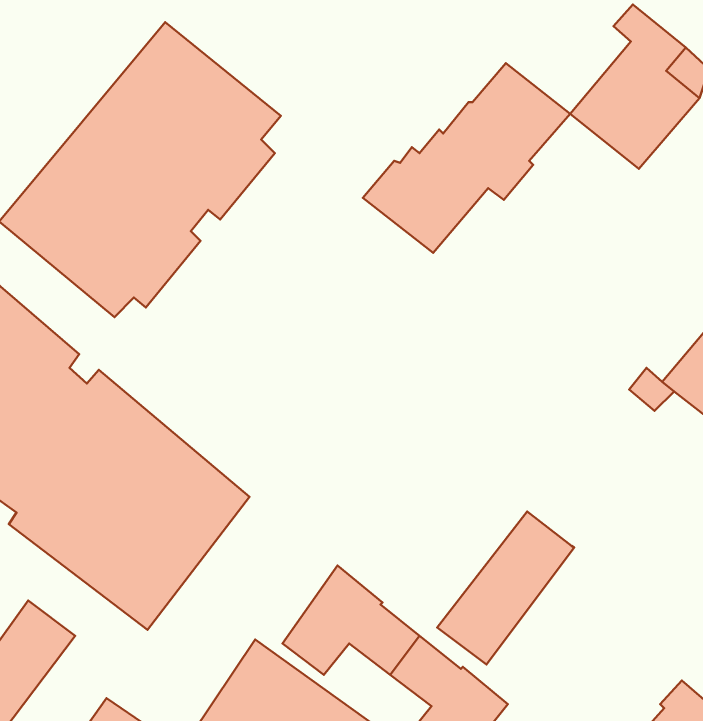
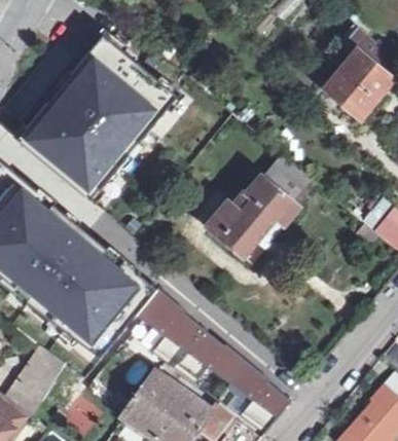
building: [363,63,570,253] -> [208,156,317,256]
building: none -> [142,295,201,367]
building: [437,512,574,665] -> none

